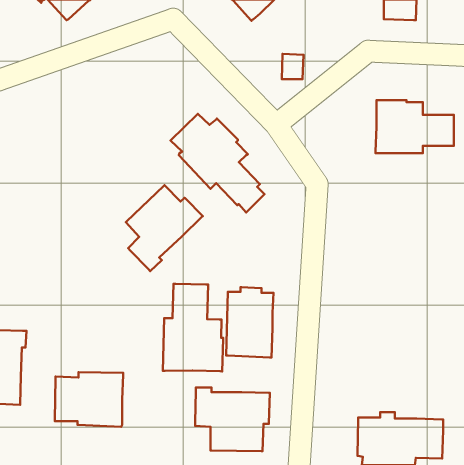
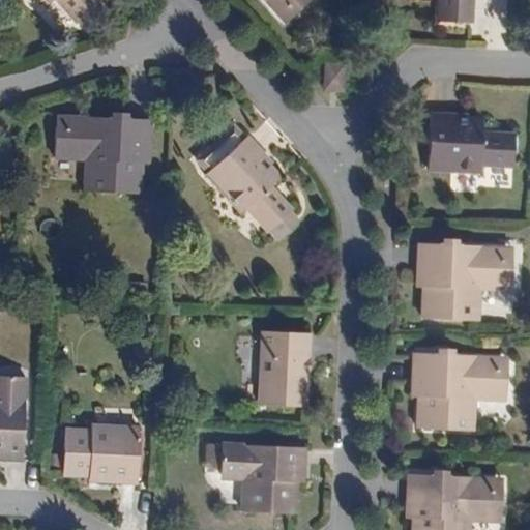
building: none -> [54,110,153,194]
building: [126,185,203,271] -> none
building: none -> [414,237,511,319]
building: [163,284,223,371] -> none
building: none -> [411,347,508,430]

